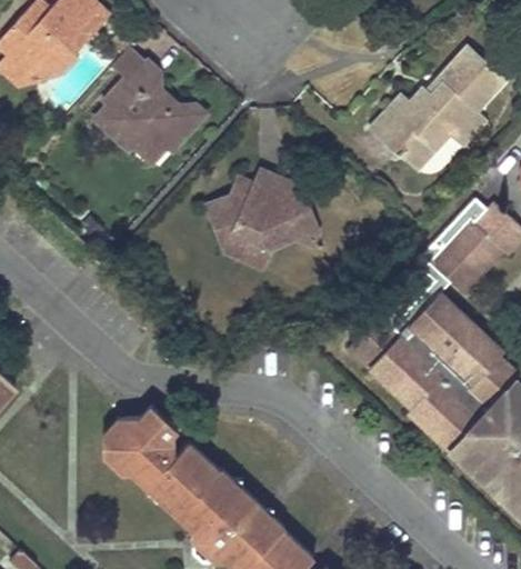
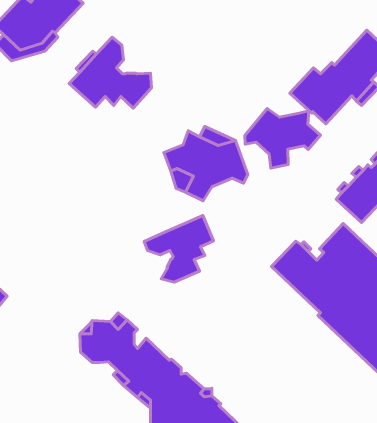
building: [124,133,172,171] -> none
building: none -> [245,109,321,168]
building: none -> [144,216,214,282]

